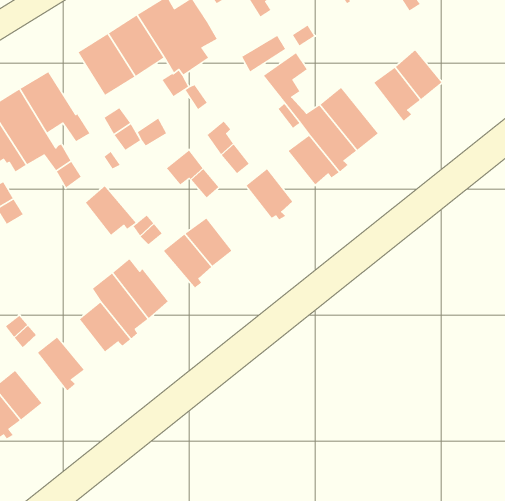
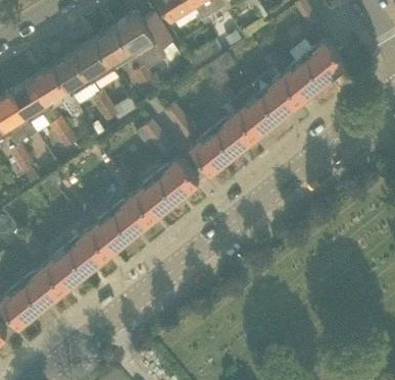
building: none -> [312,37,349,72]
building: none -> [54,51,94,95]
building: none -> [260,53,304,108]
building: none -> [208,120,242,156]
building: [85,185,137,236] -> [120,191,157,226]
building: none -> [165,155,199,191]
building: none -> [60,238,94,274]
building: none -> [31,262,67,297]

